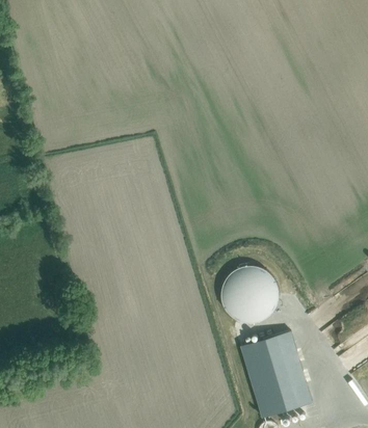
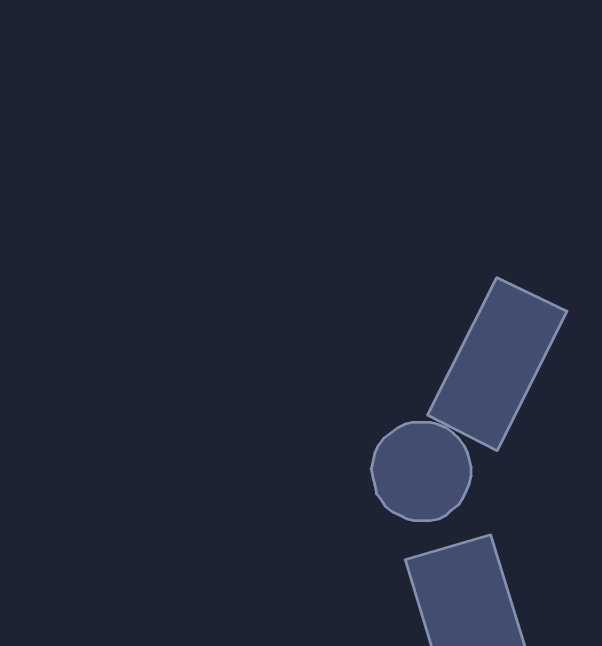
building: none -> [428,278,567,451]

